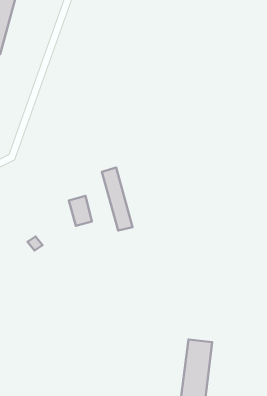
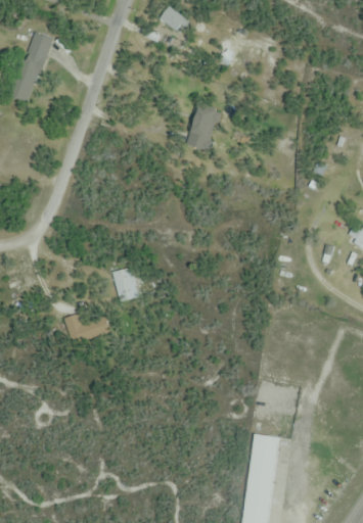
building: none -> [184,103,222,151]
building: [102,167,133,231] -> none

